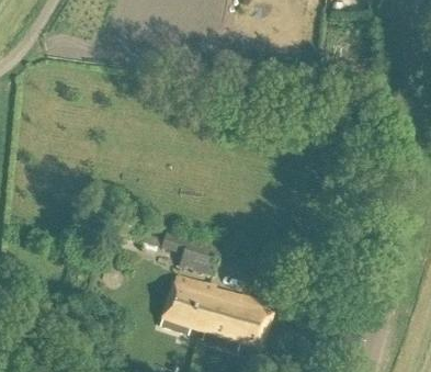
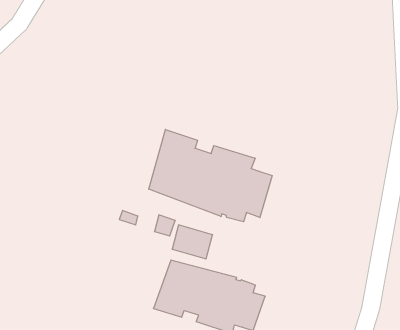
building: none -> [149,129,272,222]

